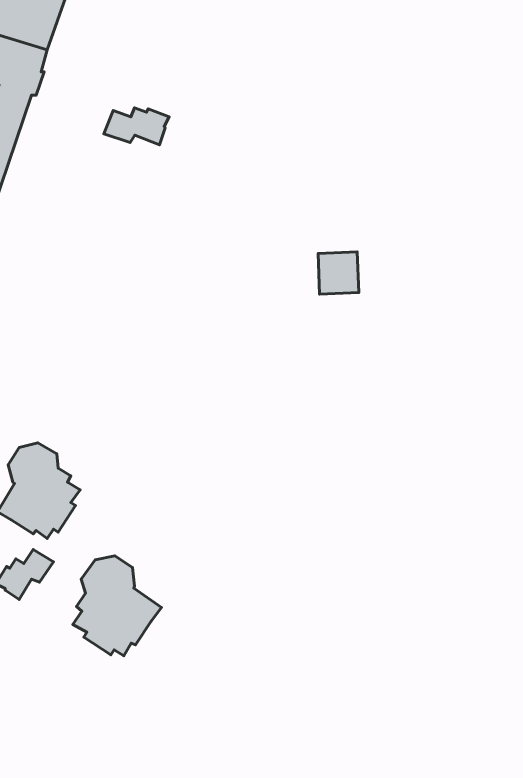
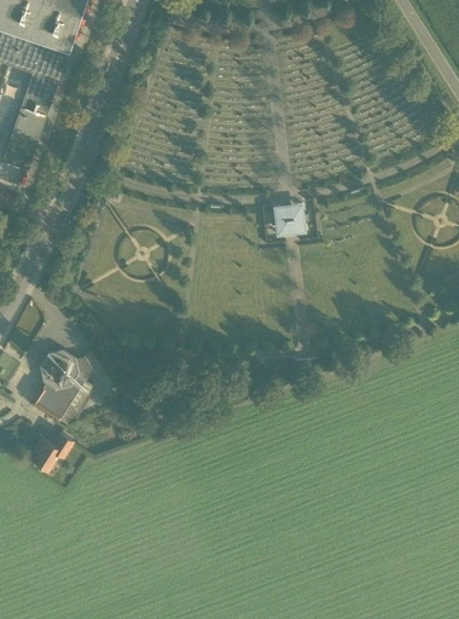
building: [104,108,169,145] -> none
building: [73,556,161,656] -> none

